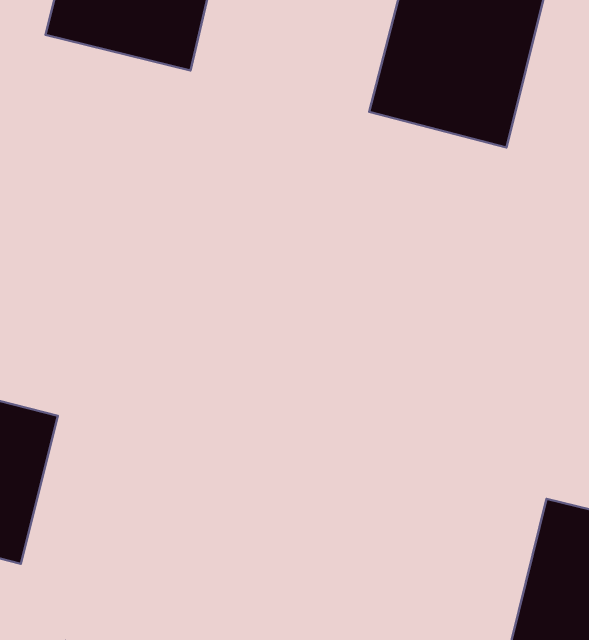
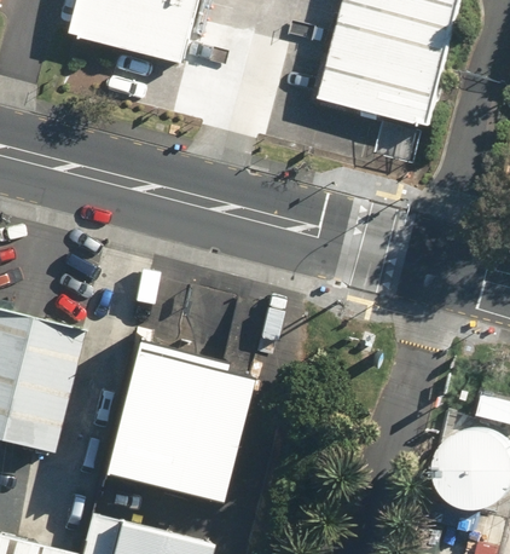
building: none -> [102,341,248,500]

